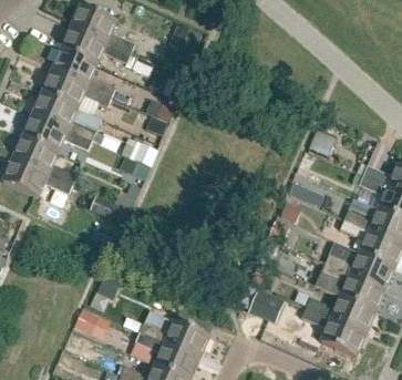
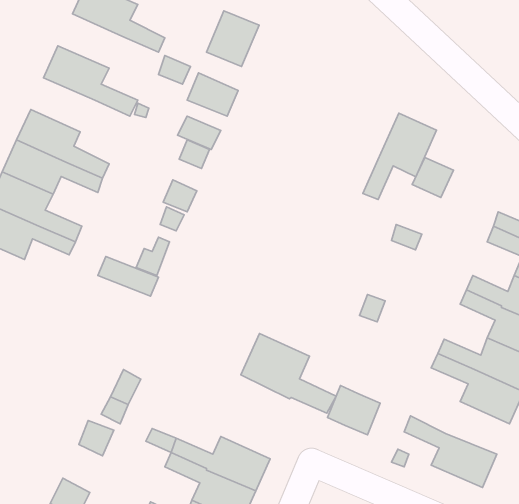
building: [61,27,131,64] -> none
building: [42,71,111,109] -> none
building: none -> [363,113,437,200]
building: none -> [241,334,336,413]
building: [306,296,374,332] -> none

